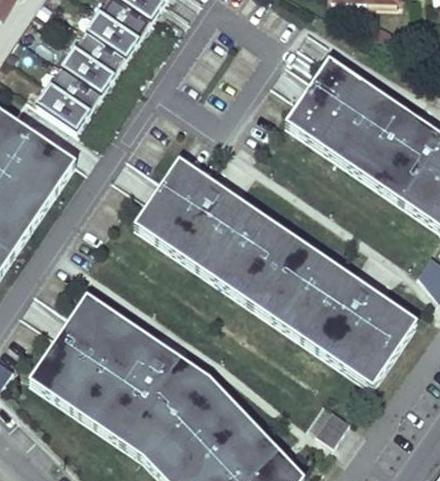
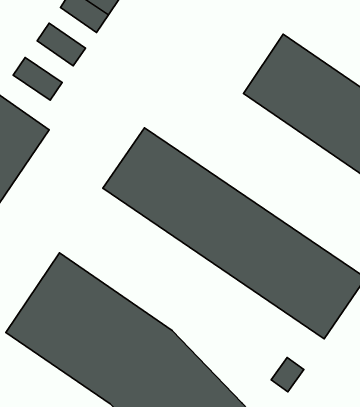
building: [76,27,127,71] -> none
building: [50,63,102,108] -> none

